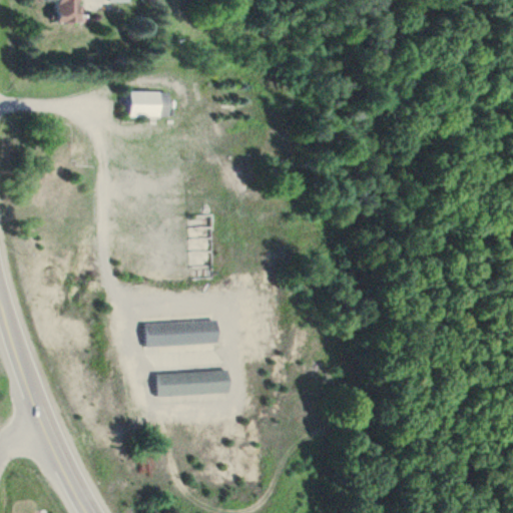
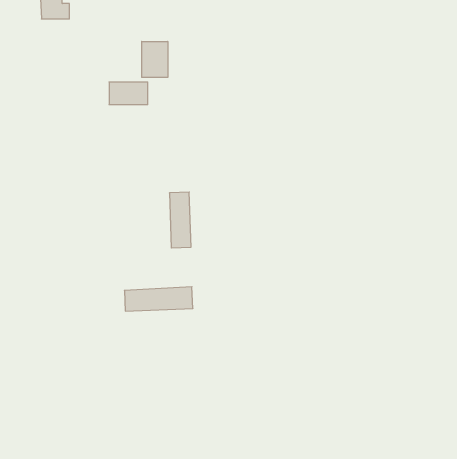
building: none -> [142,41,168,77]
building: [154,370,230,395] -> none

